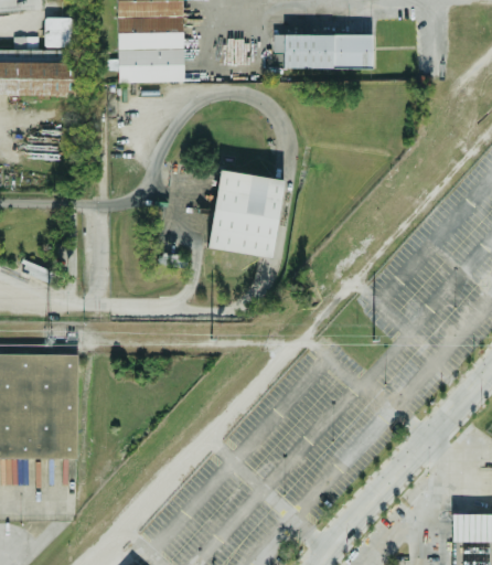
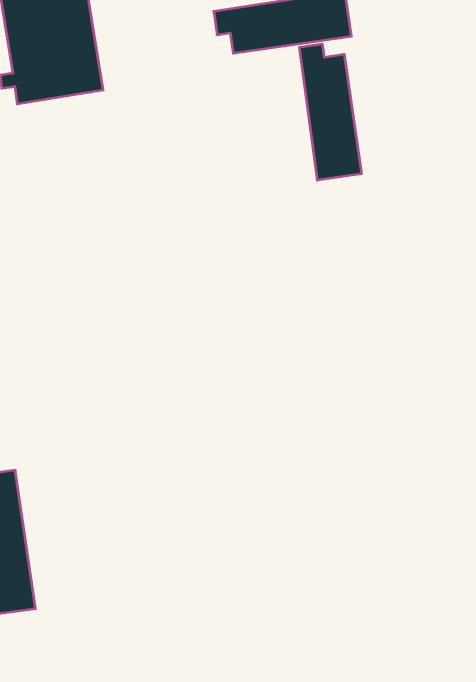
building: none -> [300,44,361,180]
building: [207,170,286,258] -> none

